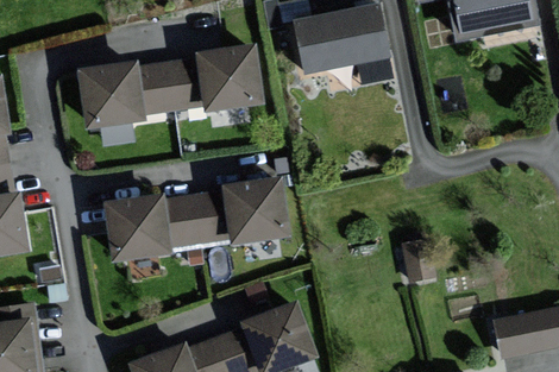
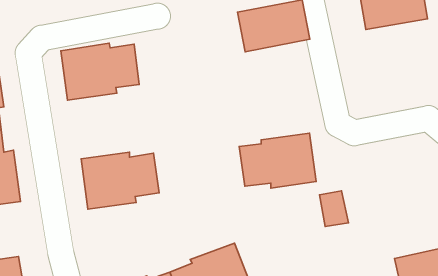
building: [170,42,265,109] -> none
building: [194,176,289,244] -> [239,133,316,188]

